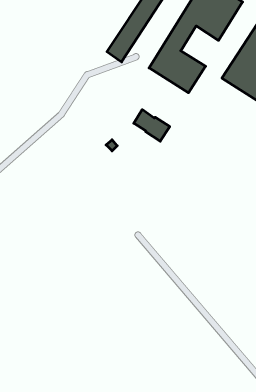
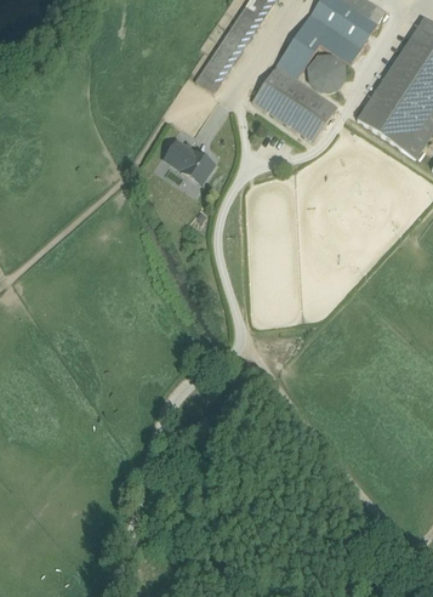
building: none -> [307,53,346,92]
building: [134,110,170,141] -> [161,140,212,184]

